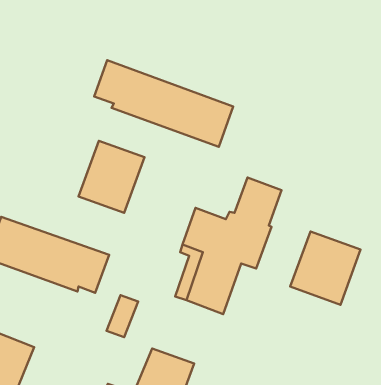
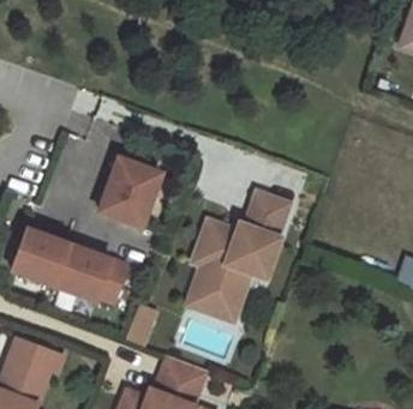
building: [94,60,233,147] -> none
building: [290,231,361,305] -> none

